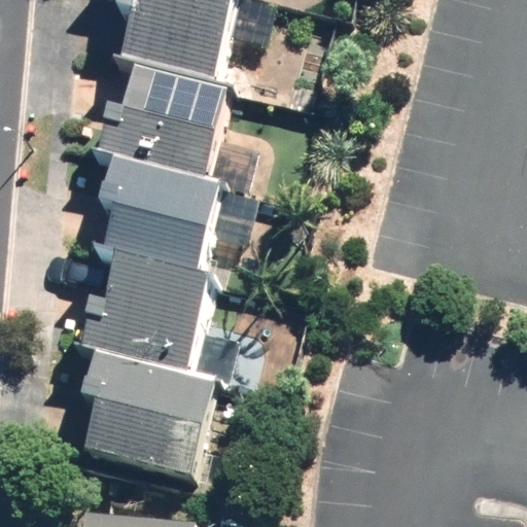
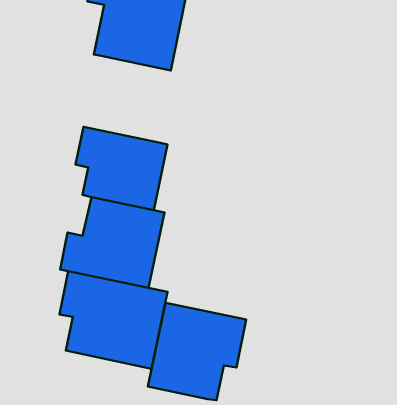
building: [93,71,225,183] -> none
building: none -> [148,303,246,400]

